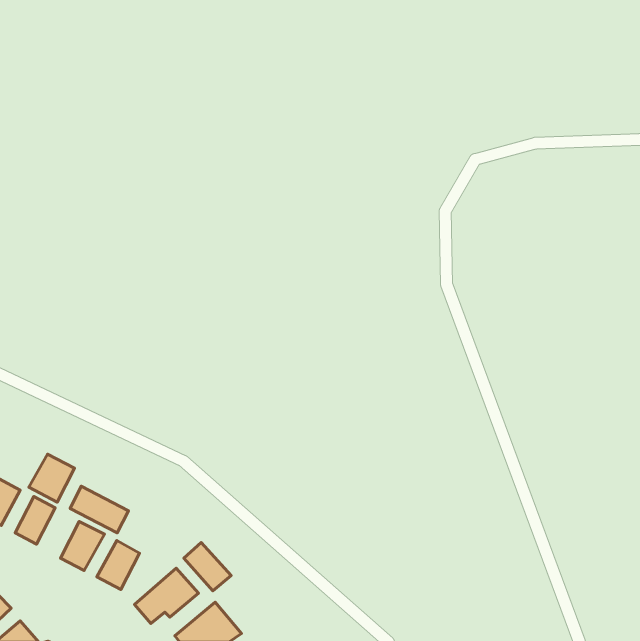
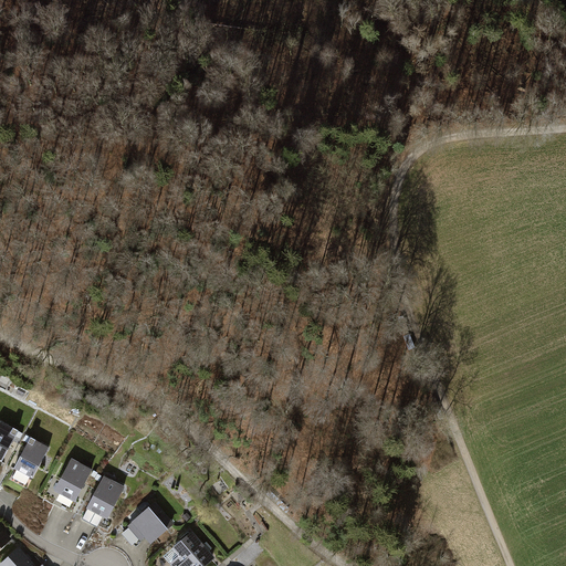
building: [29,454,75,502] -> none
building: [70,486,128,533] -> none
building: [184,543,231,591] -> none

